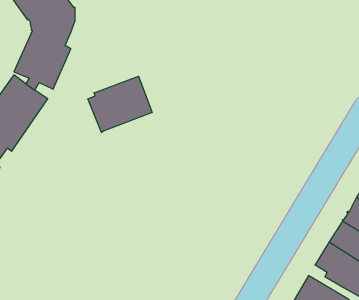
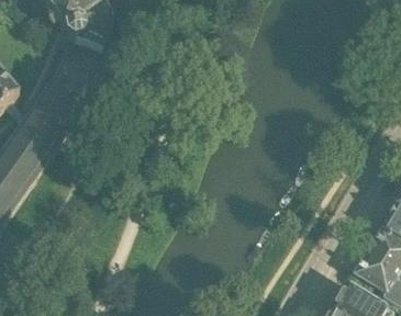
building: [88,76,152,133] -> none

